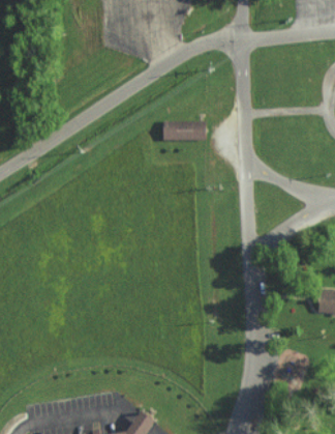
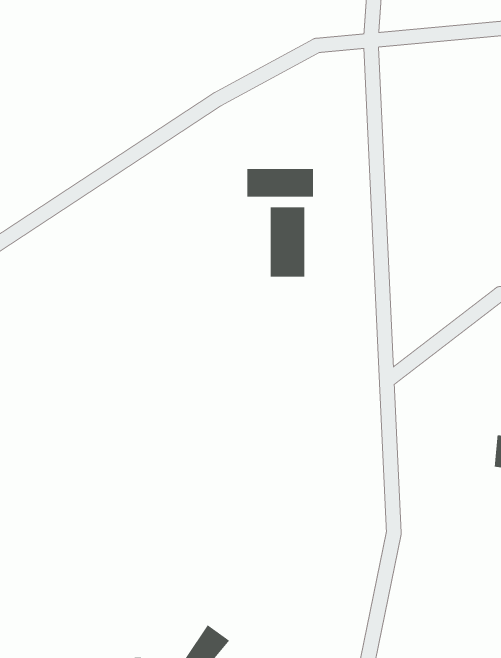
building: none -> [270,206,305,277]

